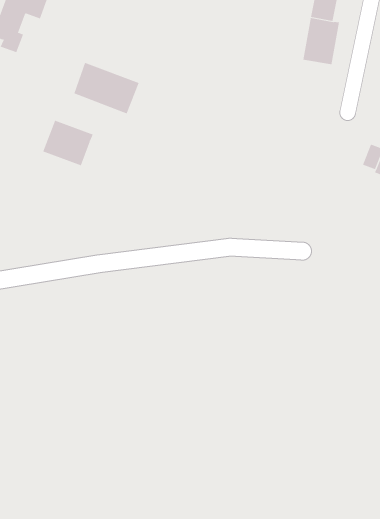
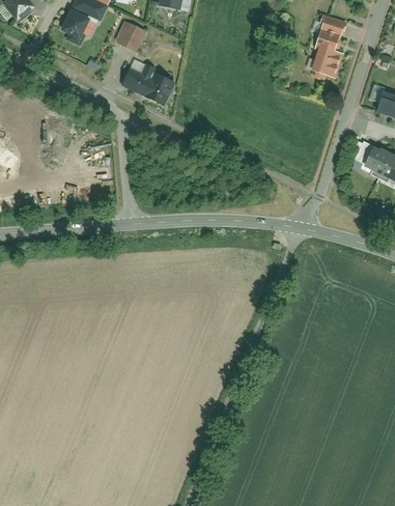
building: none -> [122,24,151,53]
building: [42,120,93,166] -> none

